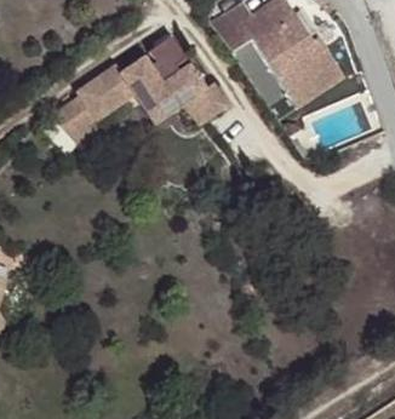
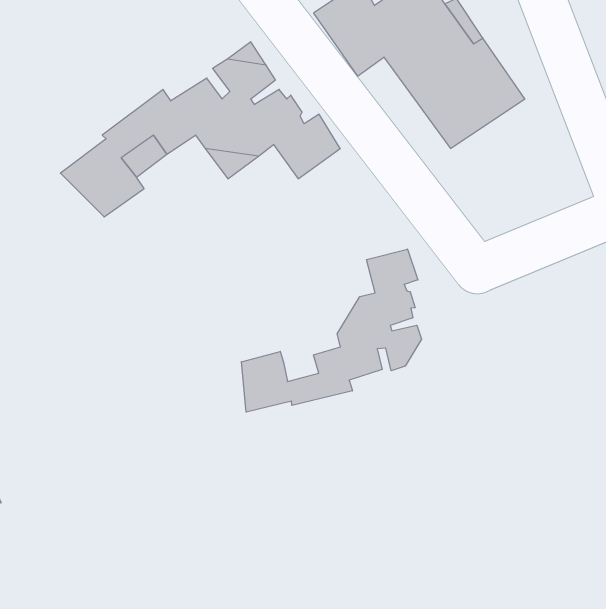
building: none -> [241,249,421,412]

